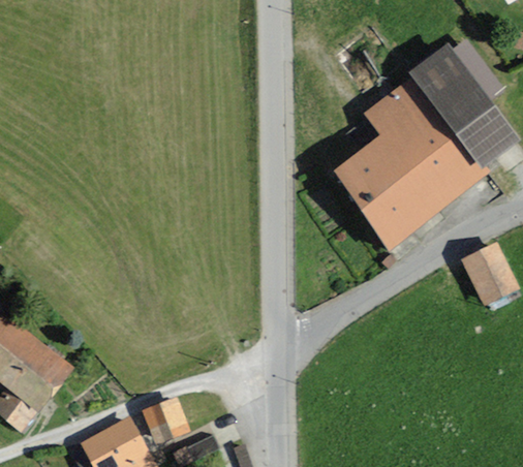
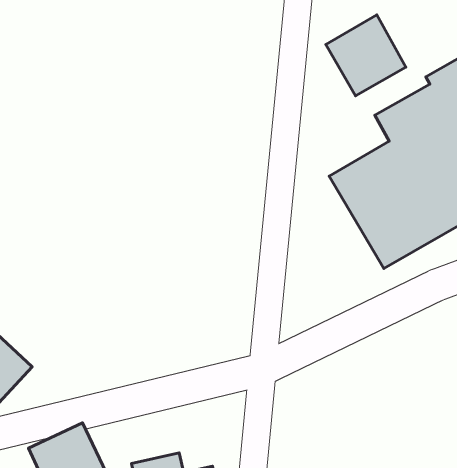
building: none -> [326,15,406,96]
building: [146,401,188,443] -> none

